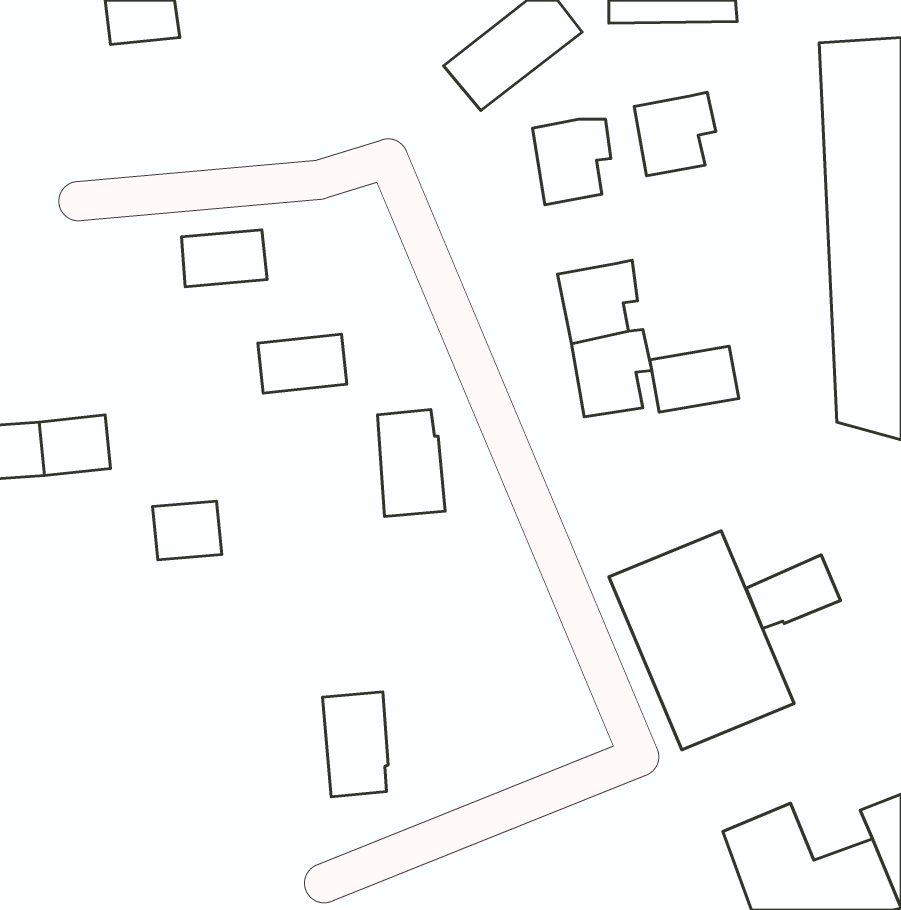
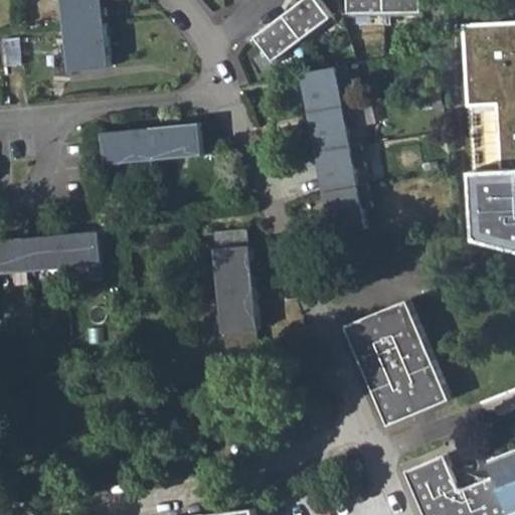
building: none -> [62,21,107,69]
building: [634,92,716,176] -> [308,108,354,155]
building: [258,334,347,393] -> [148,125,198,158]
building: [650,346,739,412] -> none
building: [152,501,222,560] -> [59,231,99,265]
building: [746,555,840,629] -> none
building: [322,692,388,797] -> [217,289,254,348]

